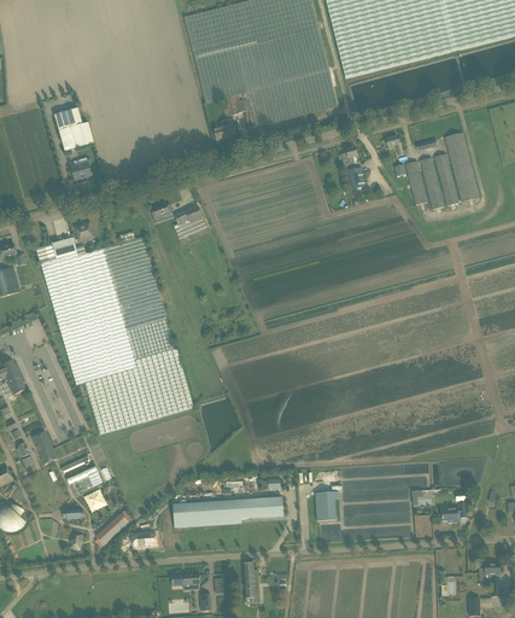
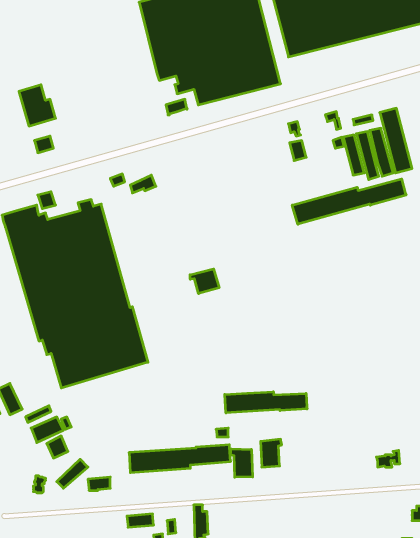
building: none -> [292,179,406,224]
building: none -> [190,269,219,294]
building: none -> [225,392,307,413]
building: none -> [231,449,253,477]

